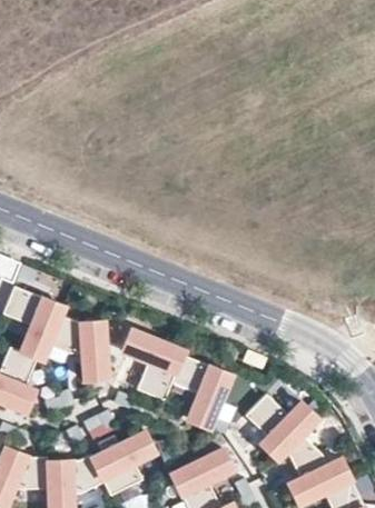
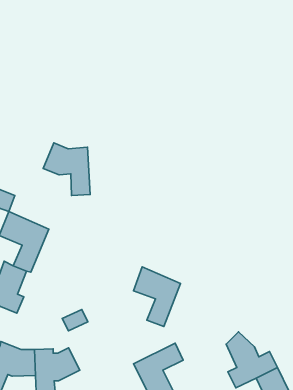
building: [48,313,107,379] -> [43,143,90,195]
building: [122,328,184,400] -> none
building: [245,394,317,458] -> none
building: [89,431,155,496] -> none

